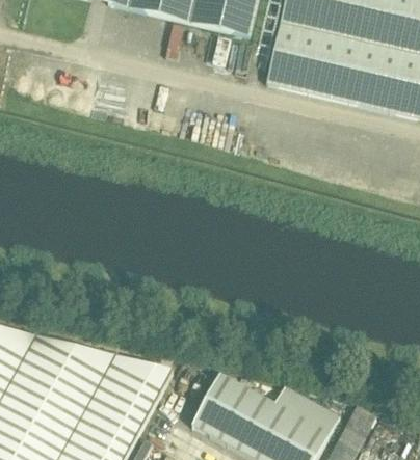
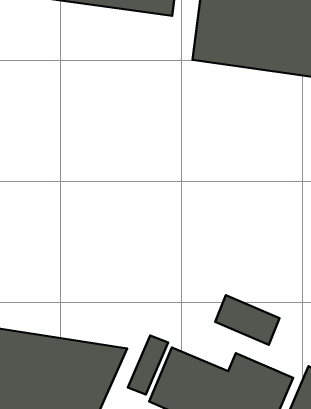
building: none -> [215,295,279,345]
building: none -> [128,336,168,394]

